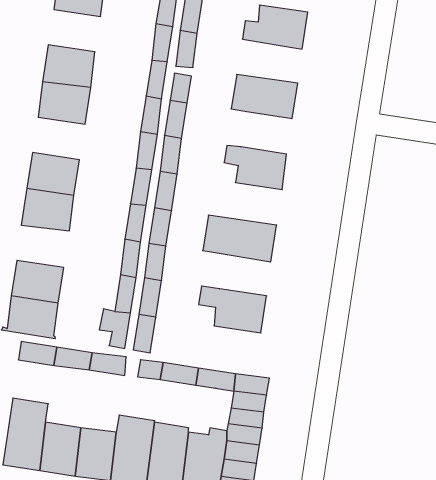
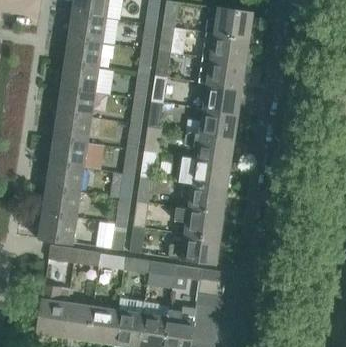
building: none -> [68,12,105,42]
building: none -> [201,33,247,64]
building: none -> [204,84,240,114]
building: none -> [57,88,94,118]
building: none -> [181,132,233,164]
building: none -> [46,164,83,194]
building: none -> [181,183,225,214]
building: none -> [168,235,218,265]

